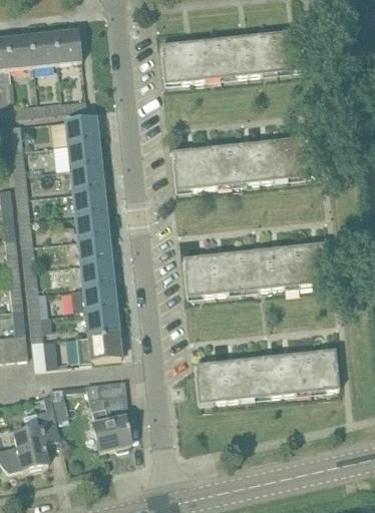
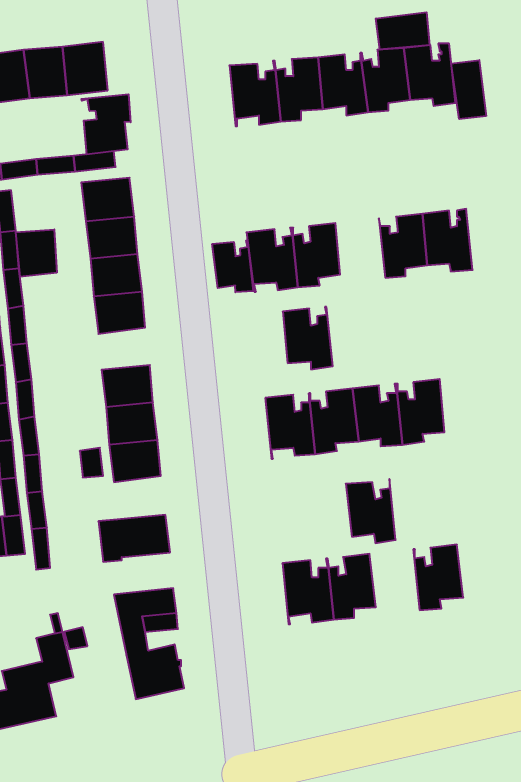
building: none -> [376,12,430,50]
building: none -> [451,60,486,119]
building: none -> [81,94,131,154]
building: [229,142,261,182] -> [283,307,333,369]
building: none -> [16,229,57,277]
building: none -> [212,240,253,292]
building: [76,212,109,239] -> none
building: [296,242,328,283] -> none
building: [86,308,119,336] -> none
building: [307,349,340,390] -> none
building: [251,355,283,396] -> [346,479,396,543]

